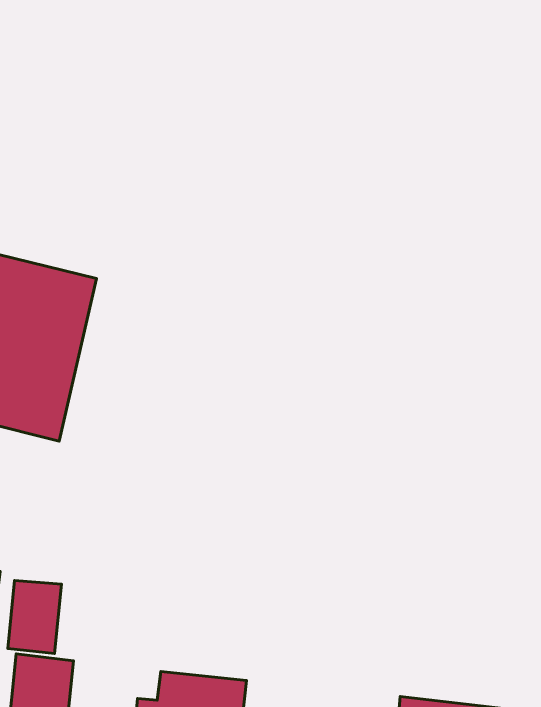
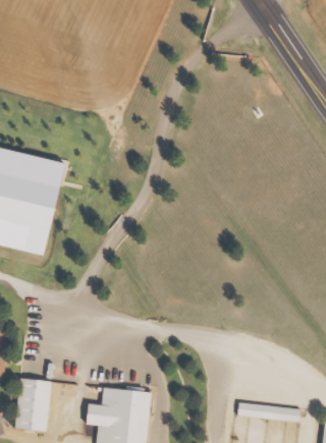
building: [8,581,61,653] -> none

